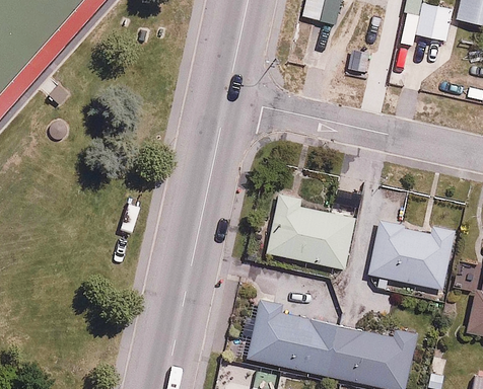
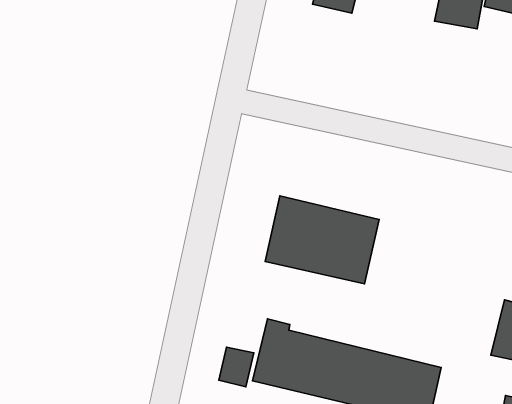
building: [367,214,460,292] -> none
building: none -> [219,347,254,387]

